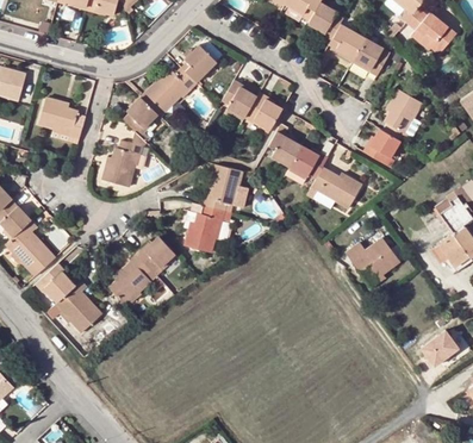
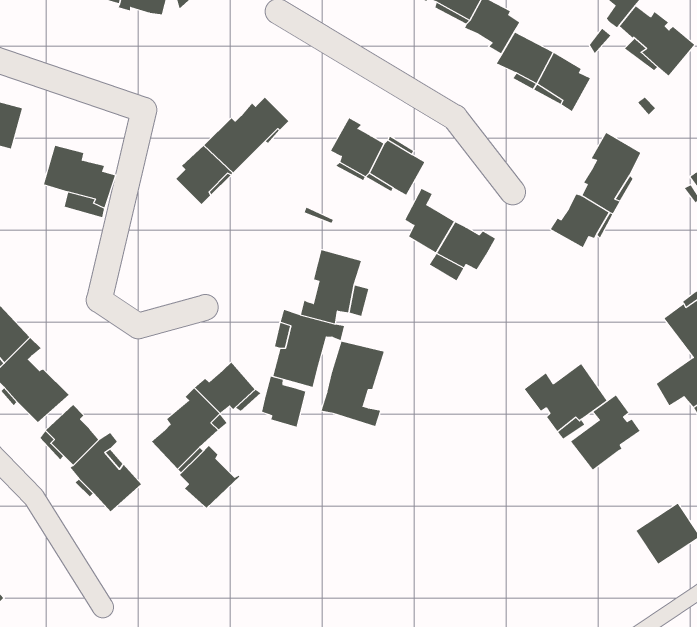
building: [180,44,216,82] -> none
building: [101,131,147,187] -> none
building: [311,168,361,207] -> none
building: none -> [321,341,384,427]
building: none -> [261,376,306,427]
building: none -> [570,394,641,470]
building: none -> [179,445,240,509]

